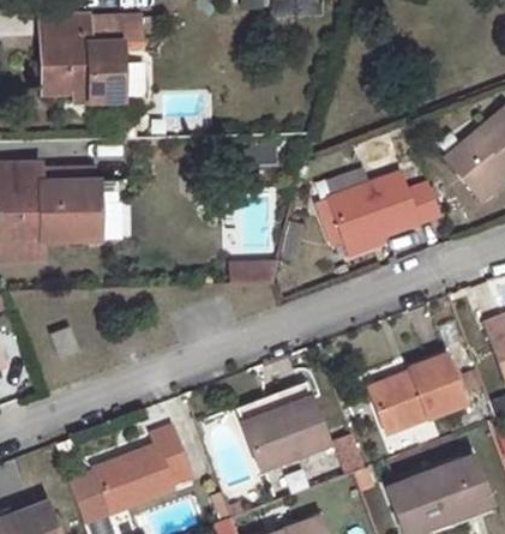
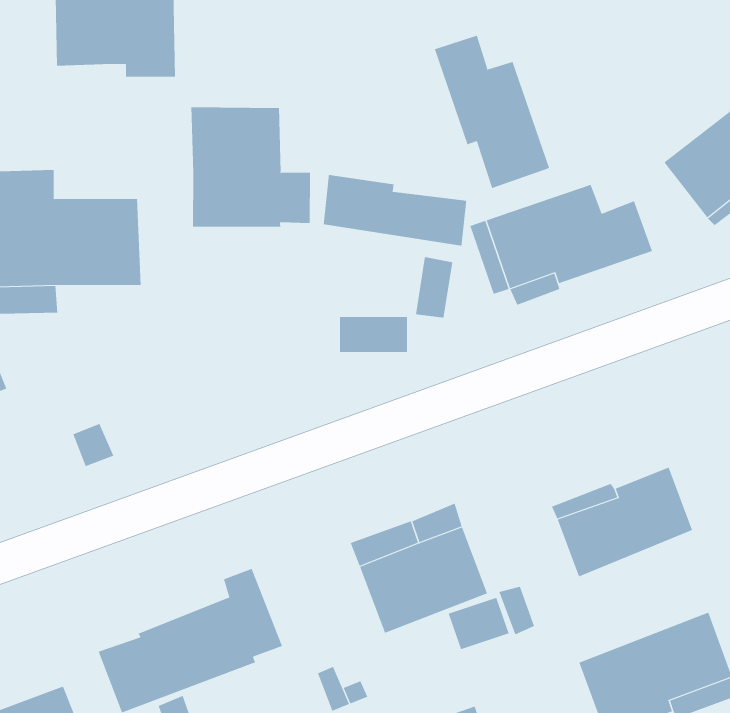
building: none -> [434,35,550,189]
building: none -> [191,107,311,228]
building: none -> [323,174,467,247]

